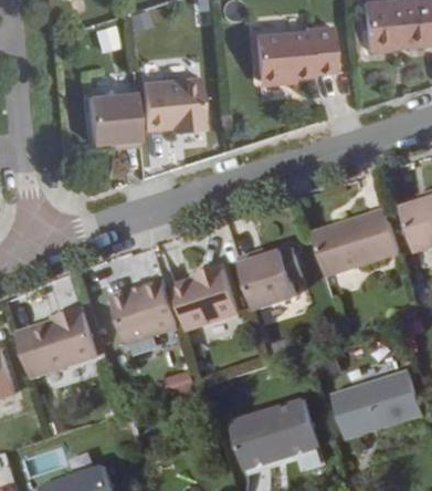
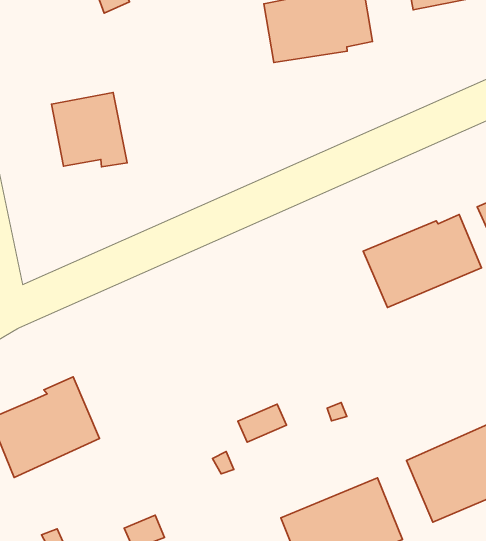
building: [141,75,206,133] -> none
building: [239,245,304,309] -> none
building: [172,261,240,331] -> none
building: [110,279,179,344] -> none

